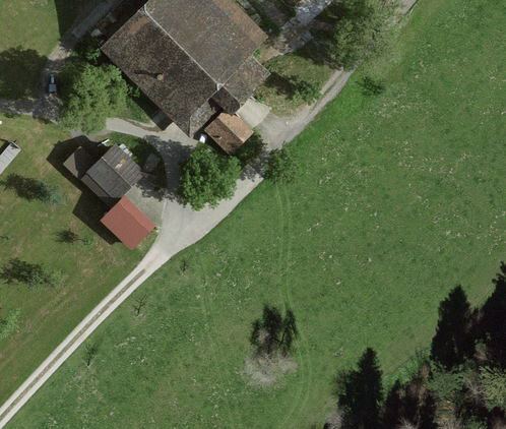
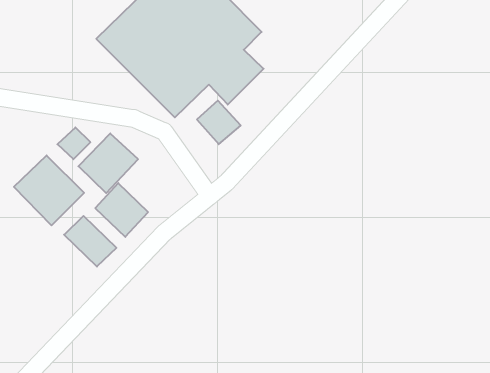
building: none -> [14,155,84,225]
building: none -> [64,216,116,267]

